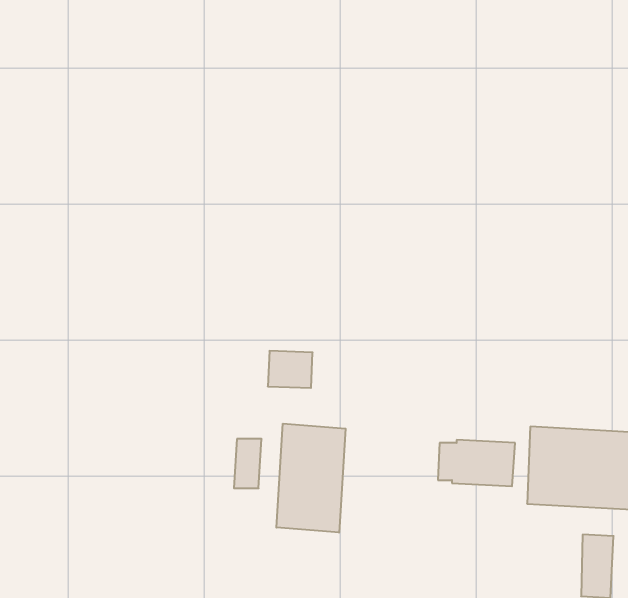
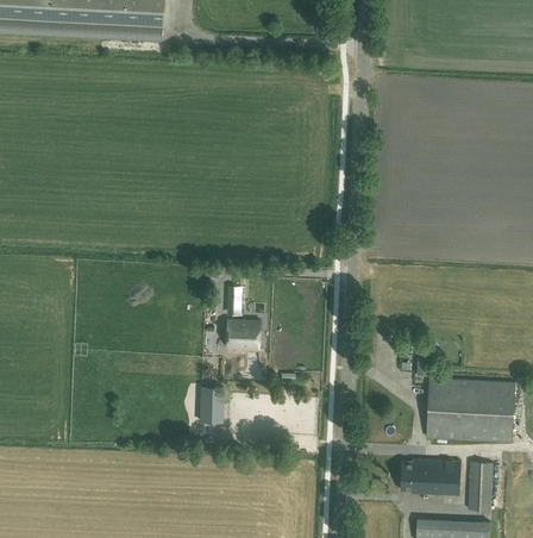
building: [276,424,346,533] -> none
building: [438,440,515,486] -> [400,457,459,493]

